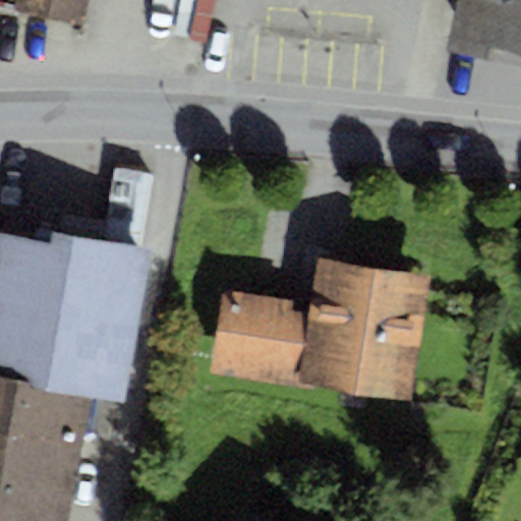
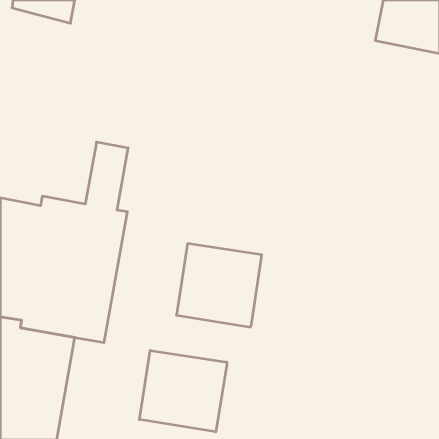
building: [298,257,428,401] -> none
building: none -> [139,350,227,432]

